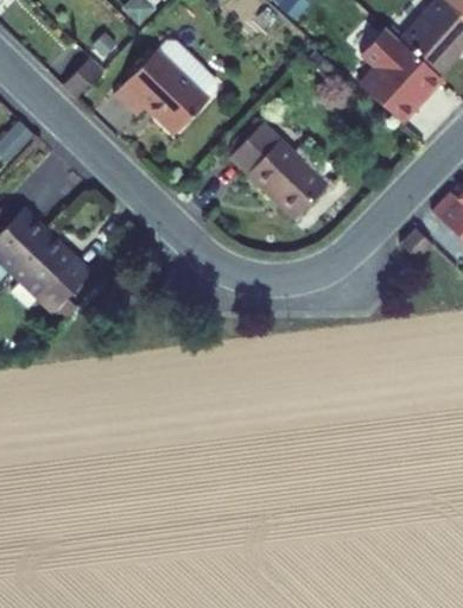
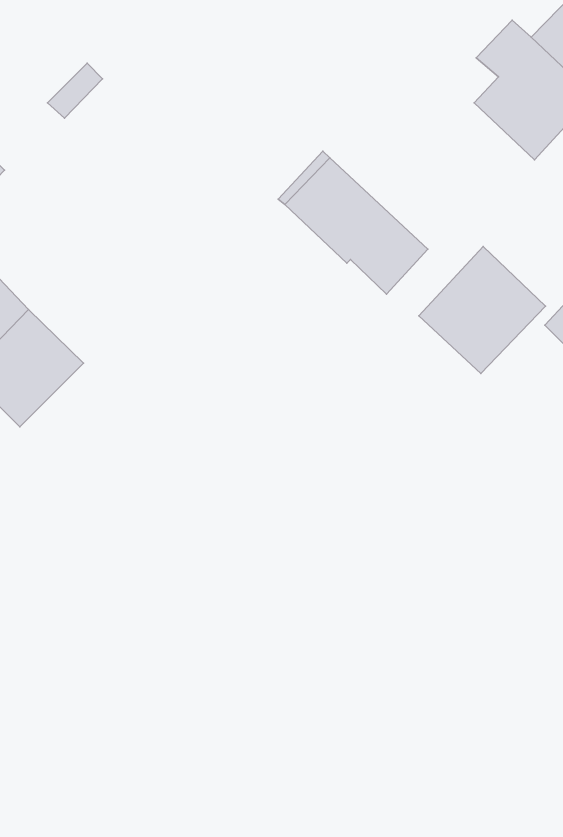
building: [114,42,217,135] -> none
building: none -> [419,246,545,374]

